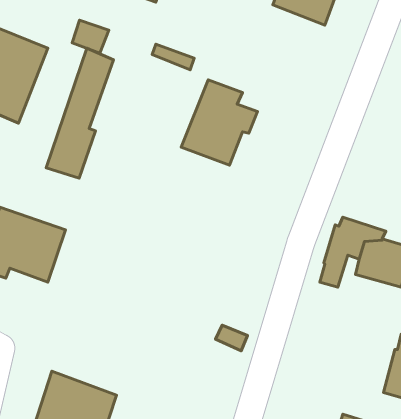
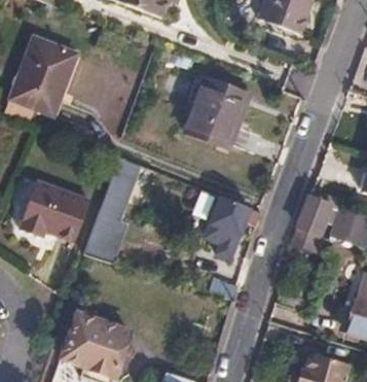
building: [46,48,113,178] -> [84,157,139,262]
building: none -> [200,198,259,255]

